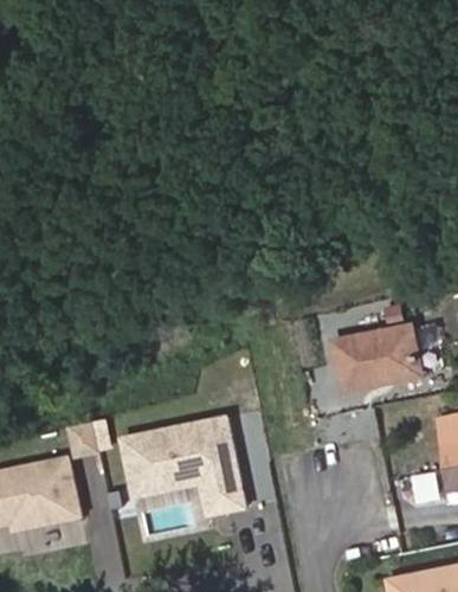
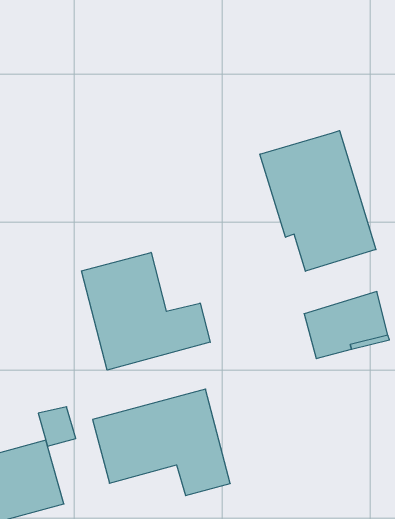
building: none -> [260,131,376,271]
building: none -> [82,252,210,370]

